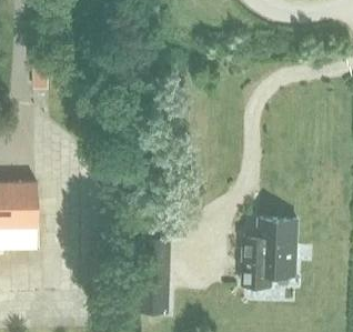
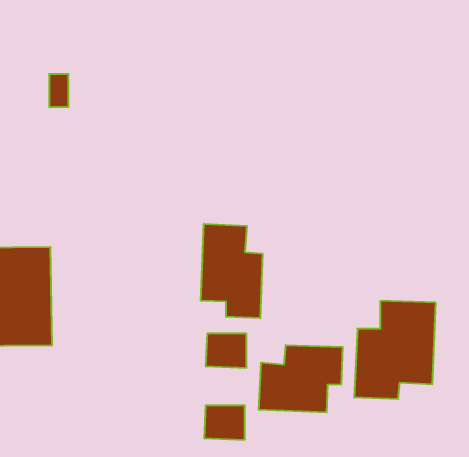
building: none -> [201,224,262,318]
building: none -> [259,345,343,412]

